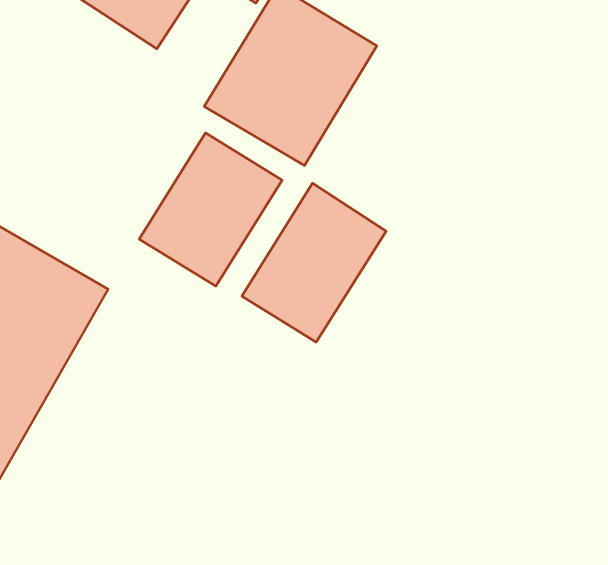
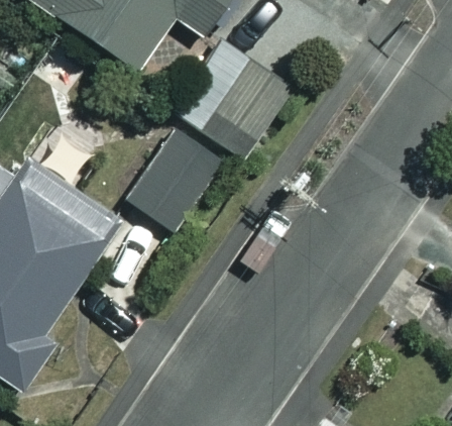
building: [242,183,386,342] -> none

